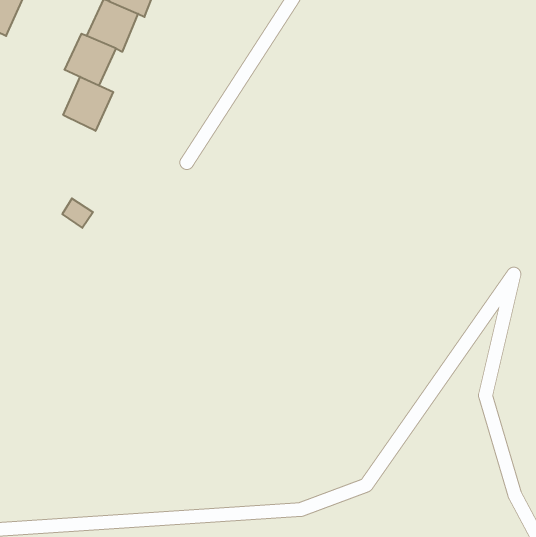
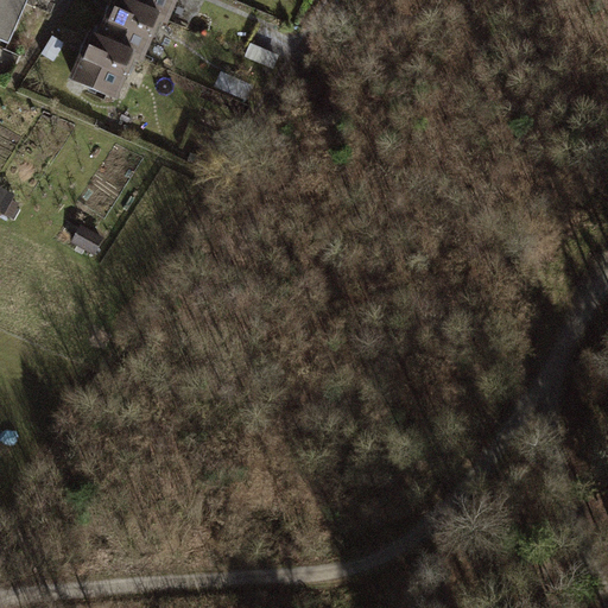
building: [63,77,113,131] -> none

